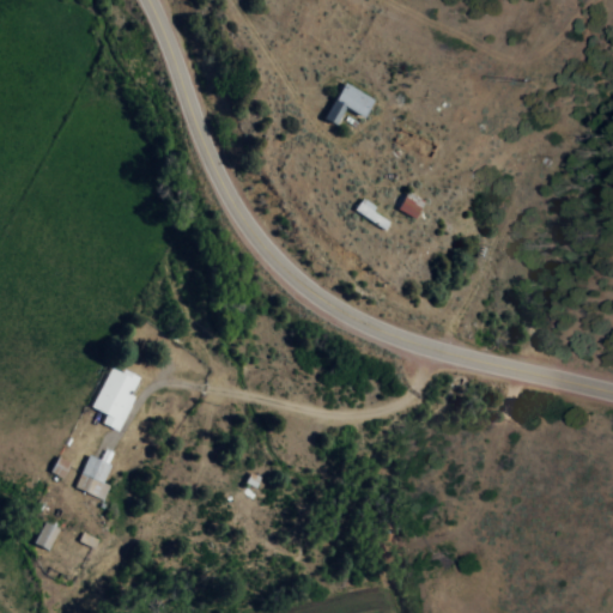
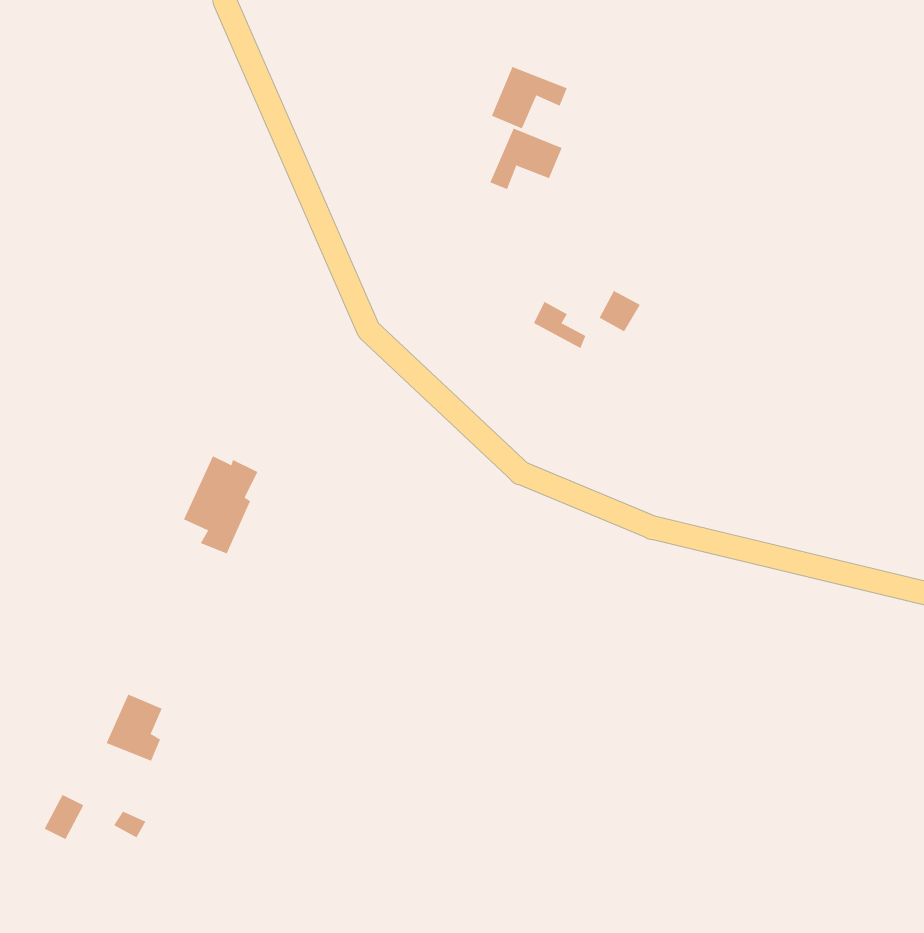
building: none -> [491,66,568,129]
building: [92,366,141,431] -> [183,456,258,554]

